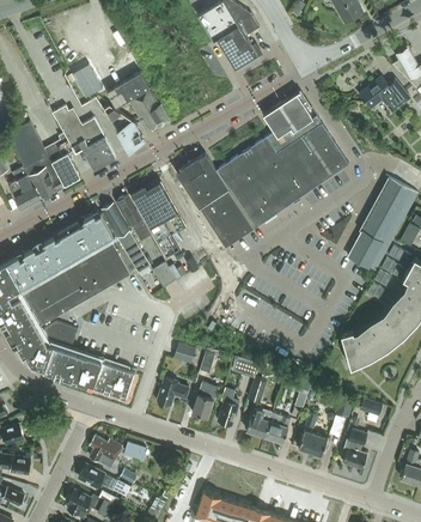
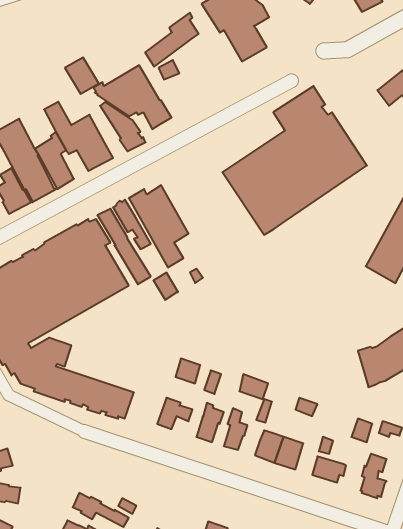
building: none -> [145,13,198,67]
building: [176,153,255,248] -> none
building: [90,436,146,468] -> none

